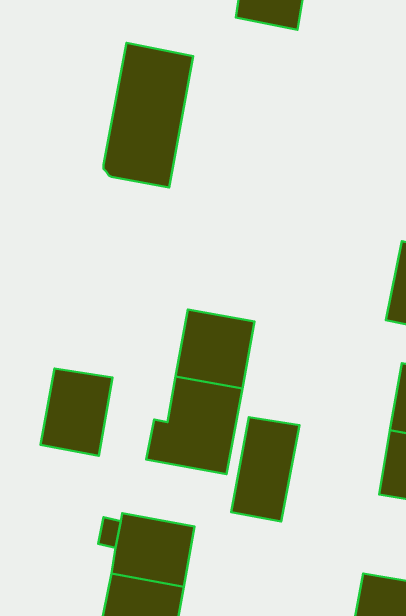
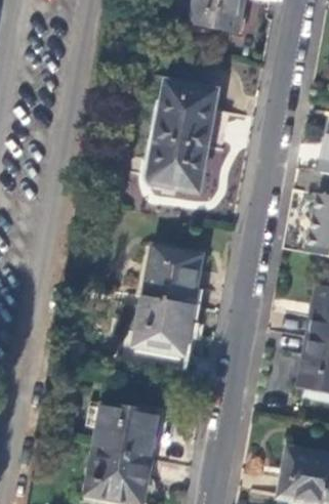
building: [104,43,193,187] -> [149,82,217,193]
building: [40,369,112,456] -> none
building: [231,417,299,522] -> none

